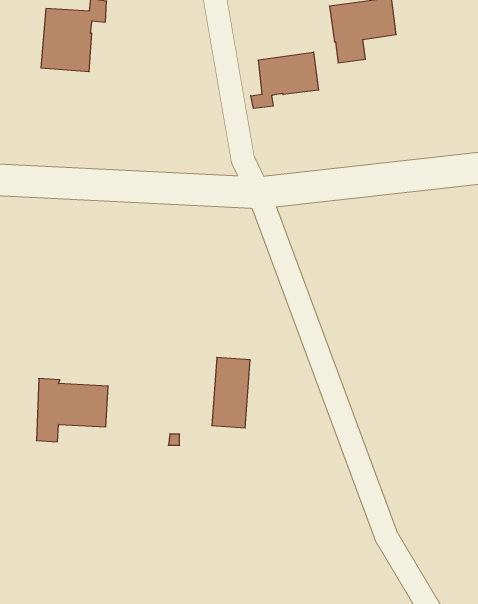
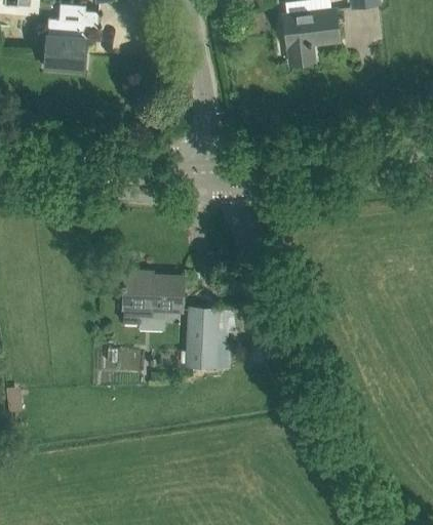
building: [251,52,319,108] -> none
building: [36,379,108,442] -> [124,271,184,323]

